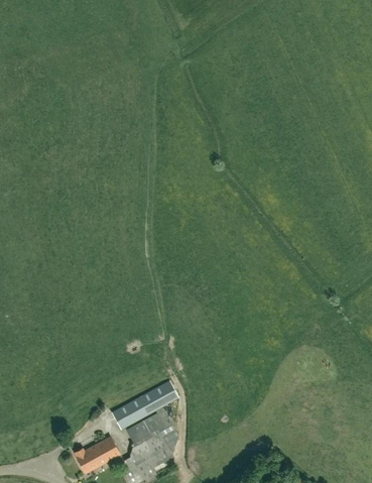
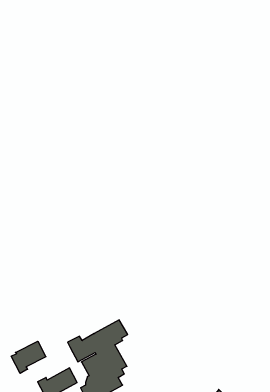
building: none -> [11,341,46,373]

